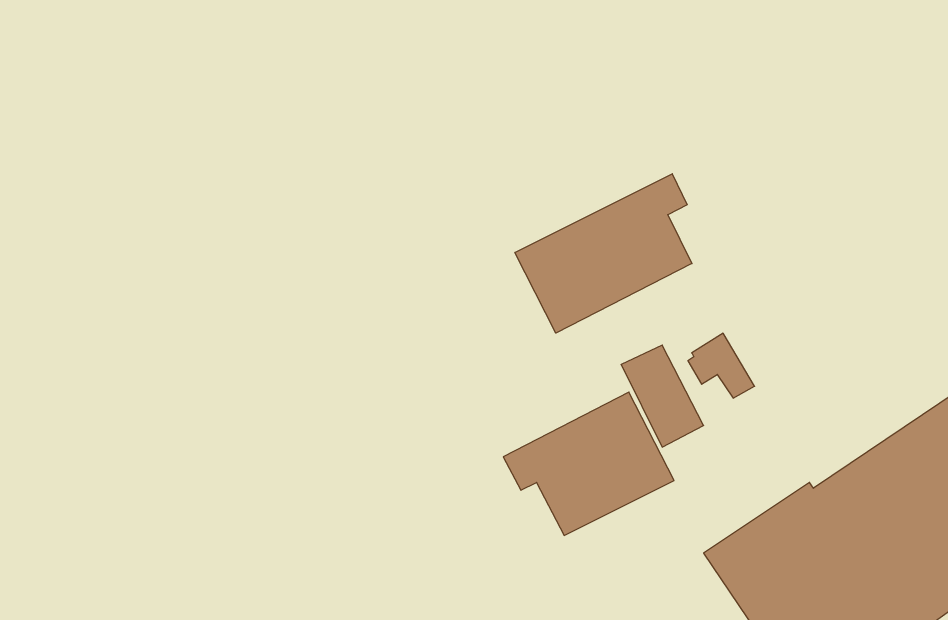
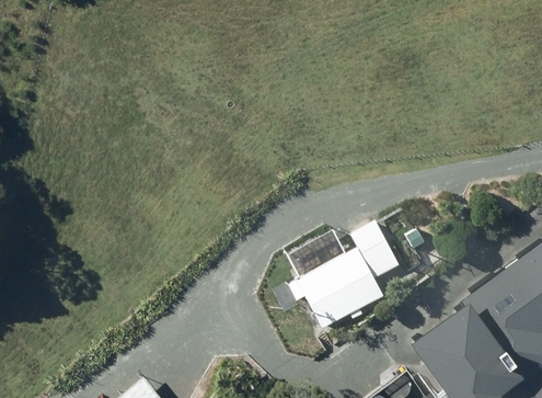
building: [515,174,692,333] -> none

